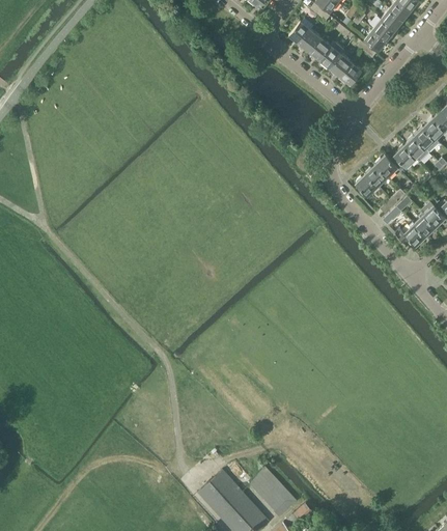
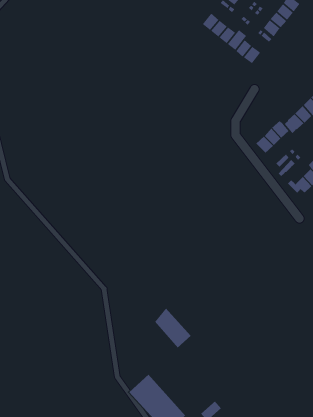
building: [251,467,298,518] -> [154,308,192,349]

